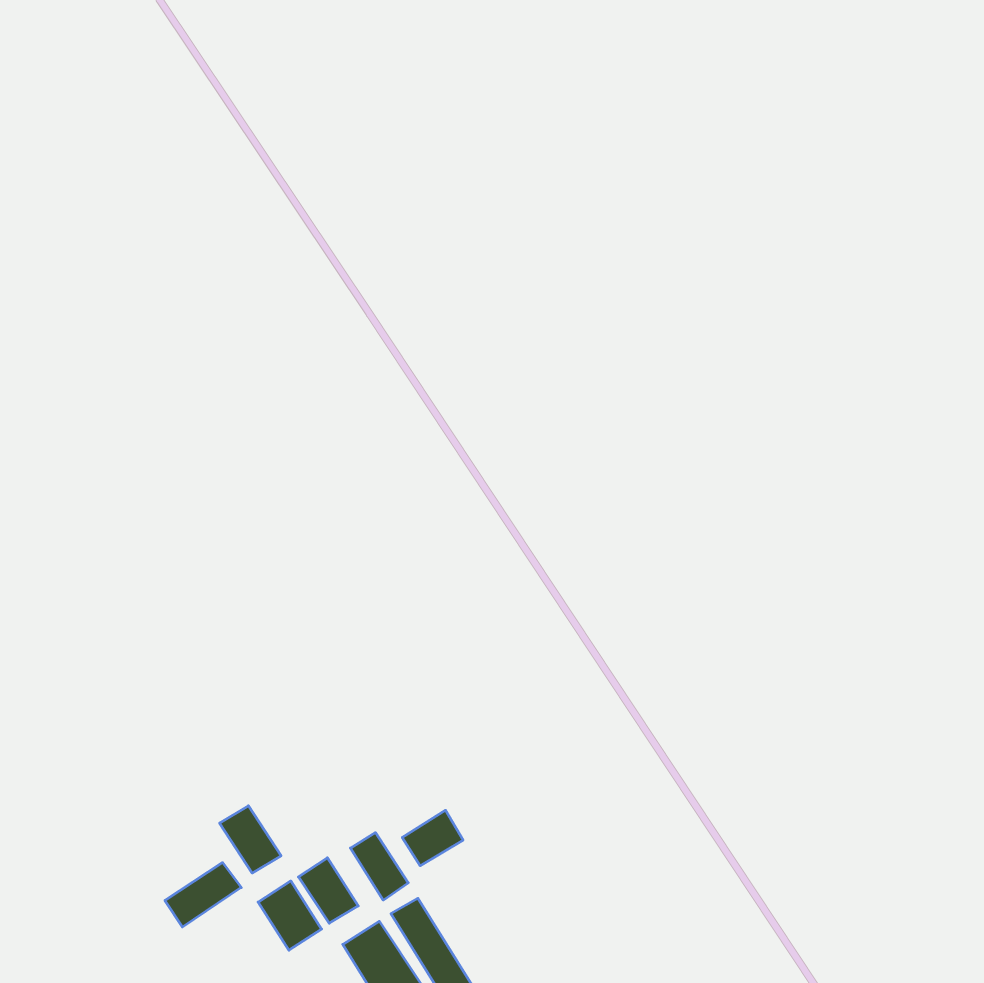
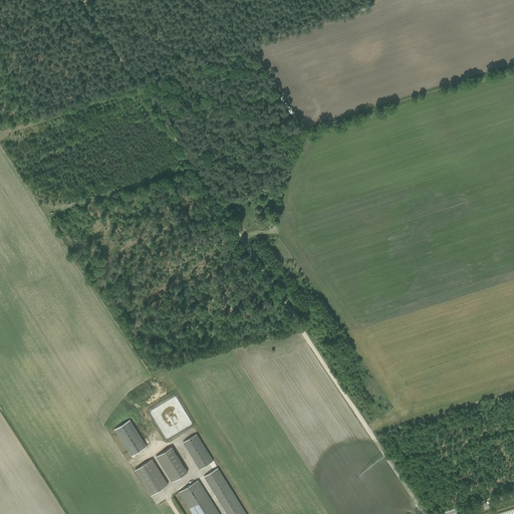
building: [402,810,463,866] -> none
building: [165,863,241,927] -> none

